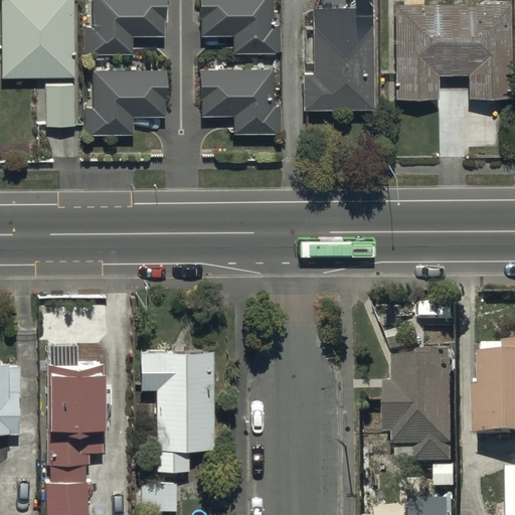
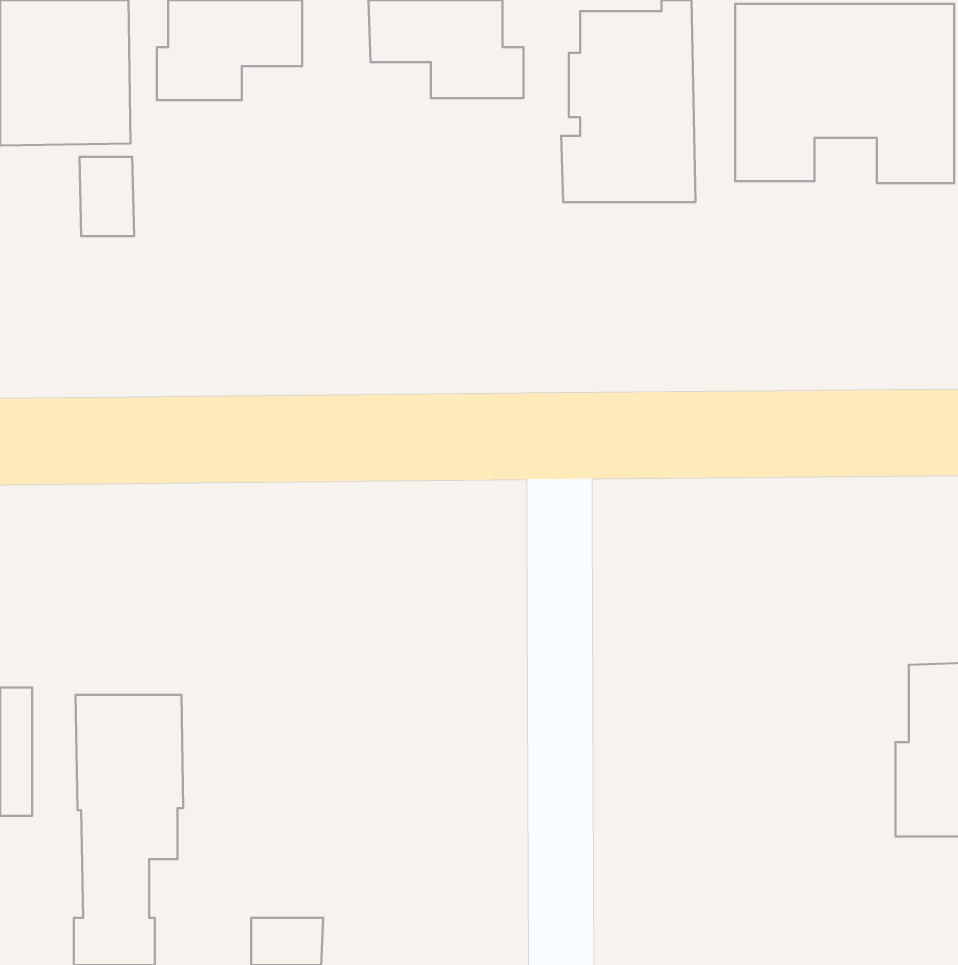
building: [203,69,282,133] -> none
building: [88,70,166,133] -> none
building: [138,354,214,476] -> none
building: [395,360,460,475] -> none

